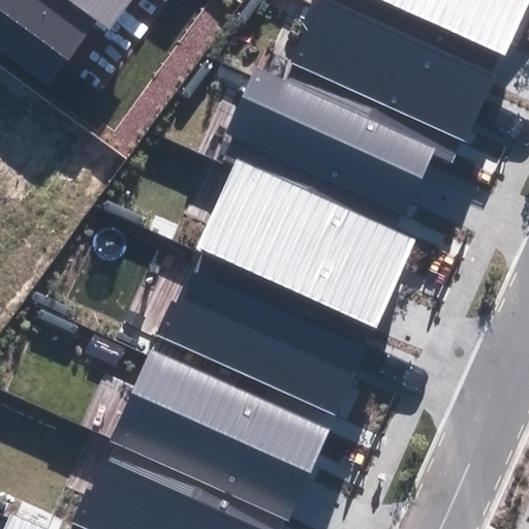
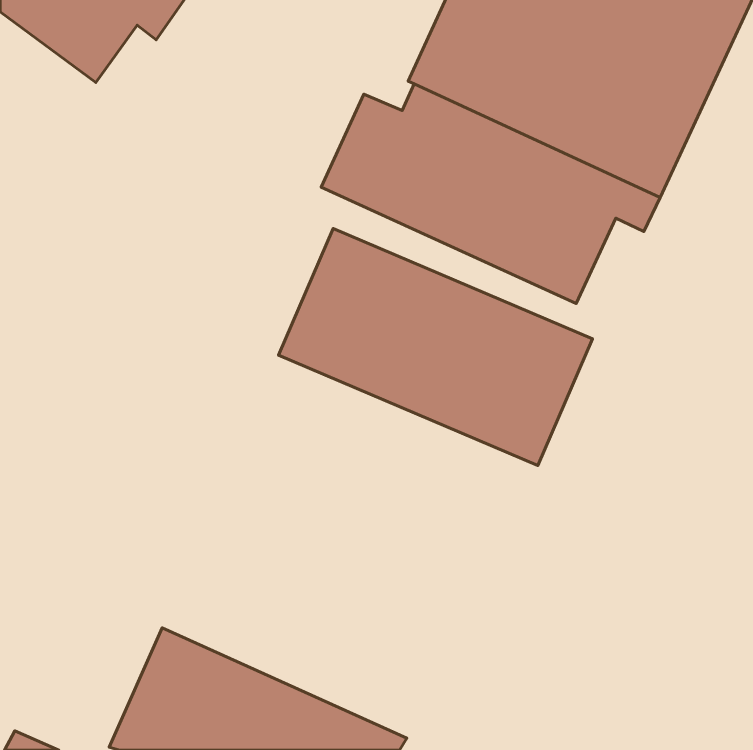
building: [154,271,367,413] -> none
building: [110,345,332,520] -> none

